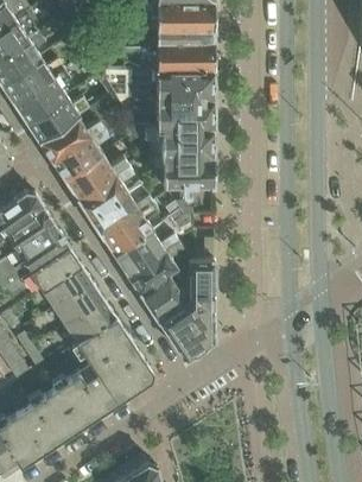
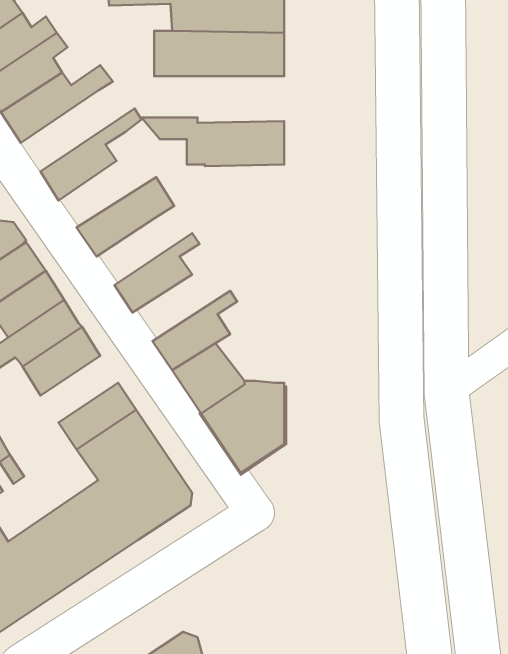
building: [155,97,212,128] -> none
building: [39,107,103,160] -> none
building: [64,153,128,197] -> none
building: [148,156,212,185] -> none
building: [89,191,152,235] -> none
building: [113,202,192,272] -> none
building: [186,248,212,299] -> none
building: [52,281,103,325] -> none

